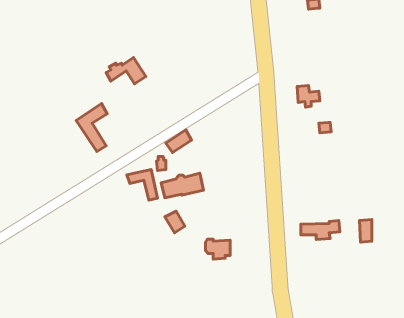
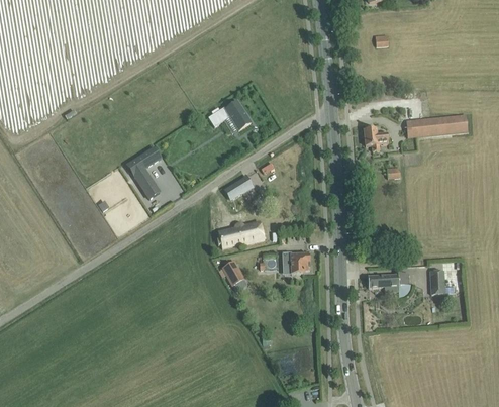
building: [106,58,146,84] -> [208,101,251,129]
building: none -> [406,114,468,135]
building: [127,170,157,200] -> none
building: [205,239,230,259] -> [283,252,309,274]

